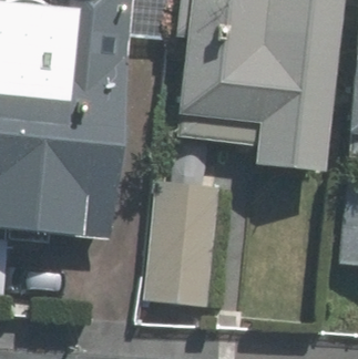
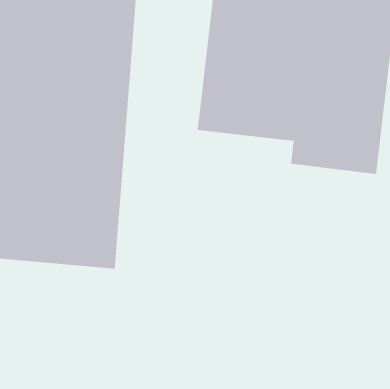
building: [141,172,219,304] -> none

